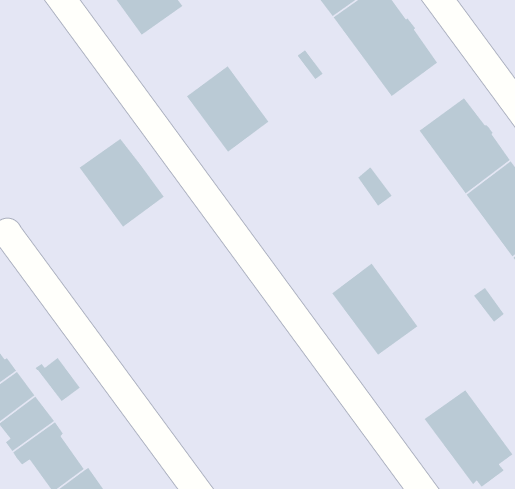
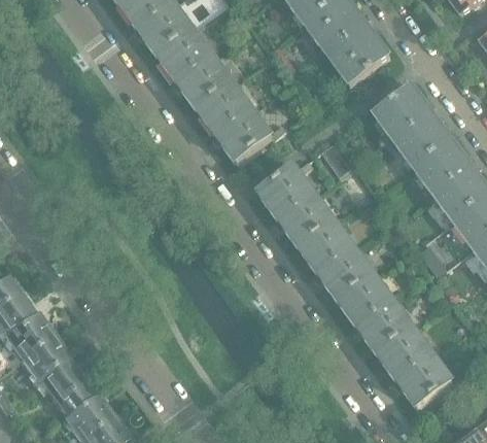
building: none -> [213,104,285,163]
building: [79,138,165,228] -> [141,7,213,82]
building: none -> [260,160,334,247]
building: none -> [339,275,412,352]
building: [34,357,81,402] -> none

